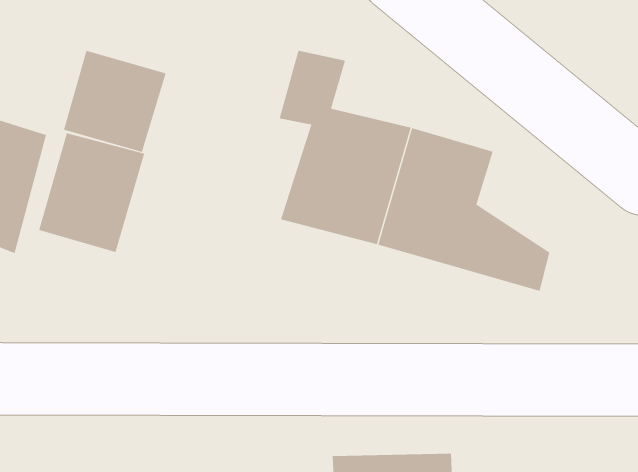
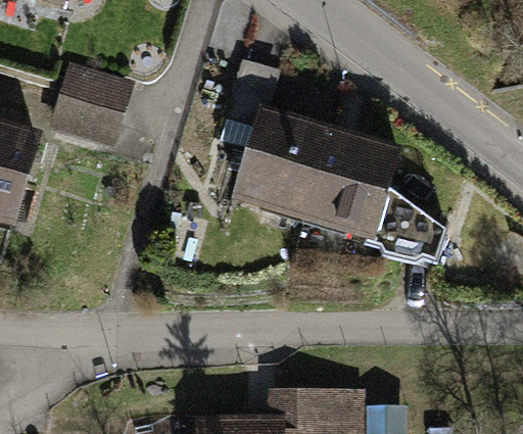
building: [39,132,145,253] -> none

